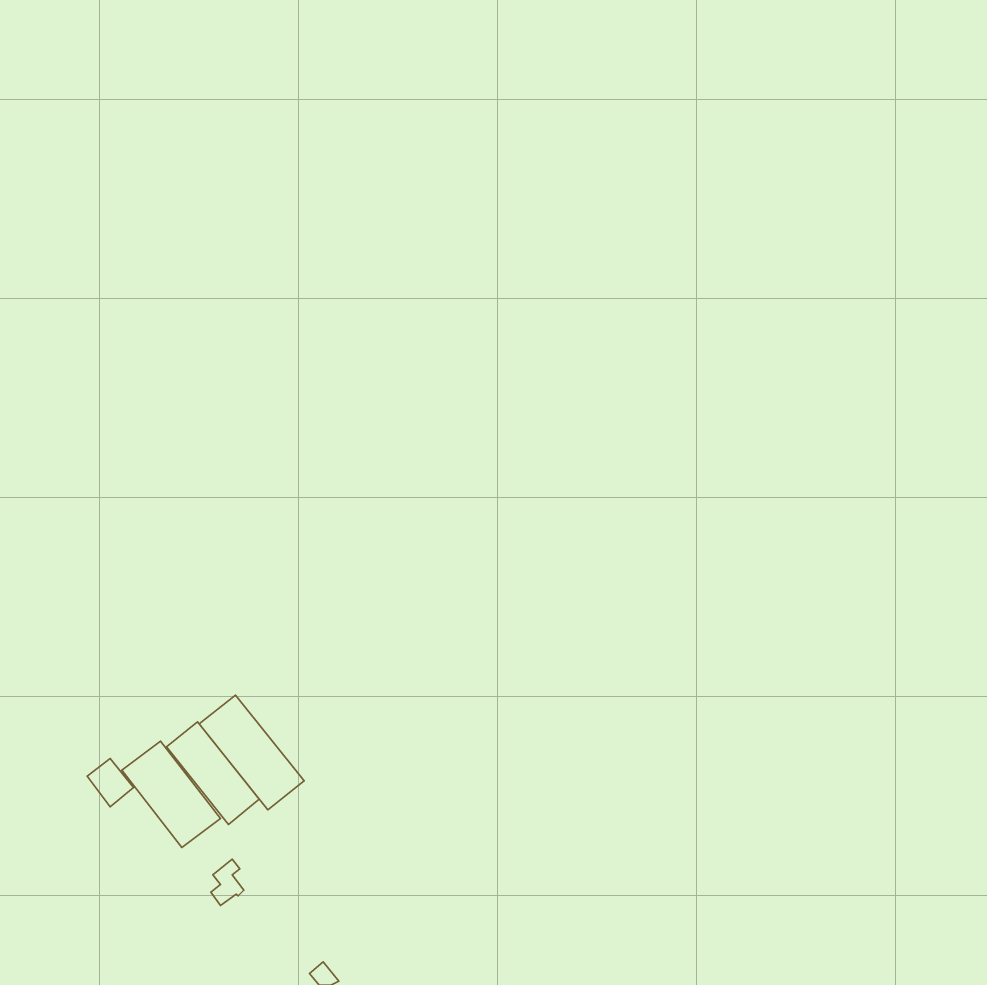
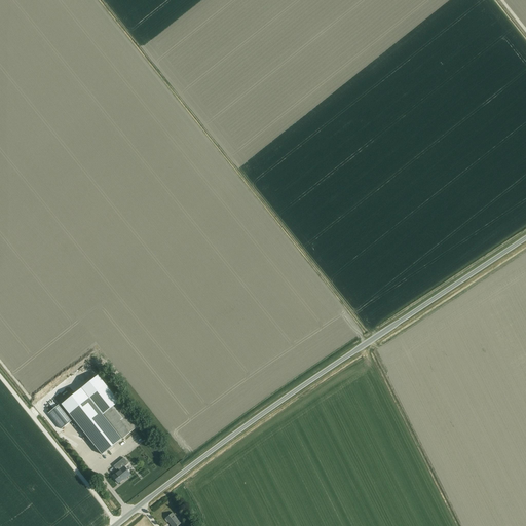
building: [199,695,304,810] -> none

